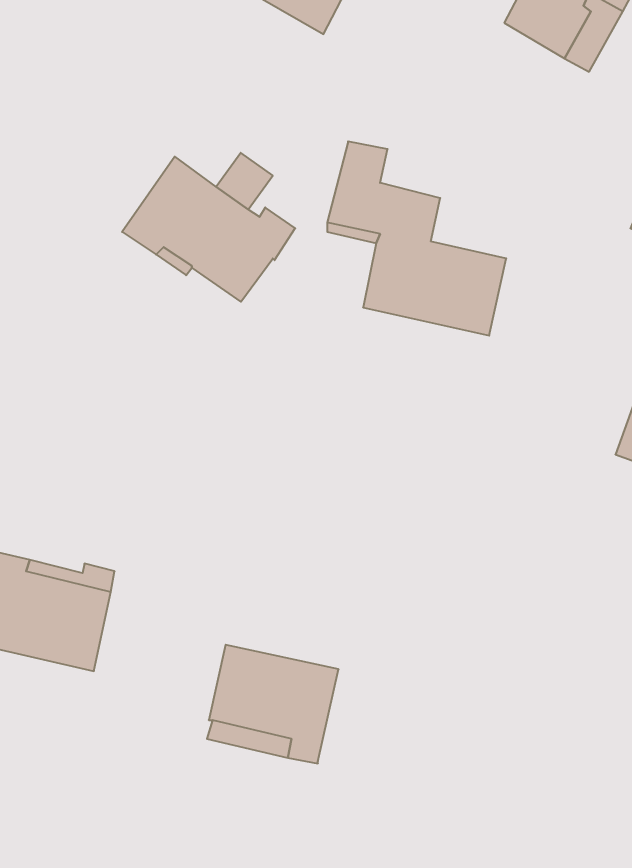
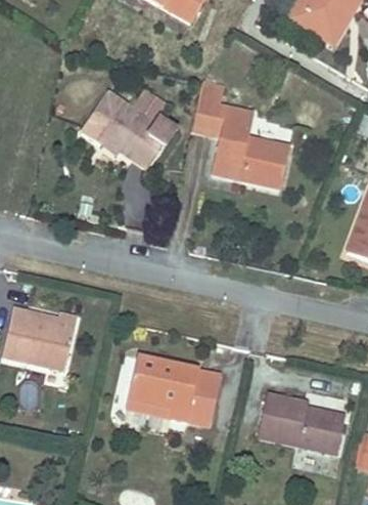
building: none -> [187,369,222,424]
building: none -> [258,393,346,454]

